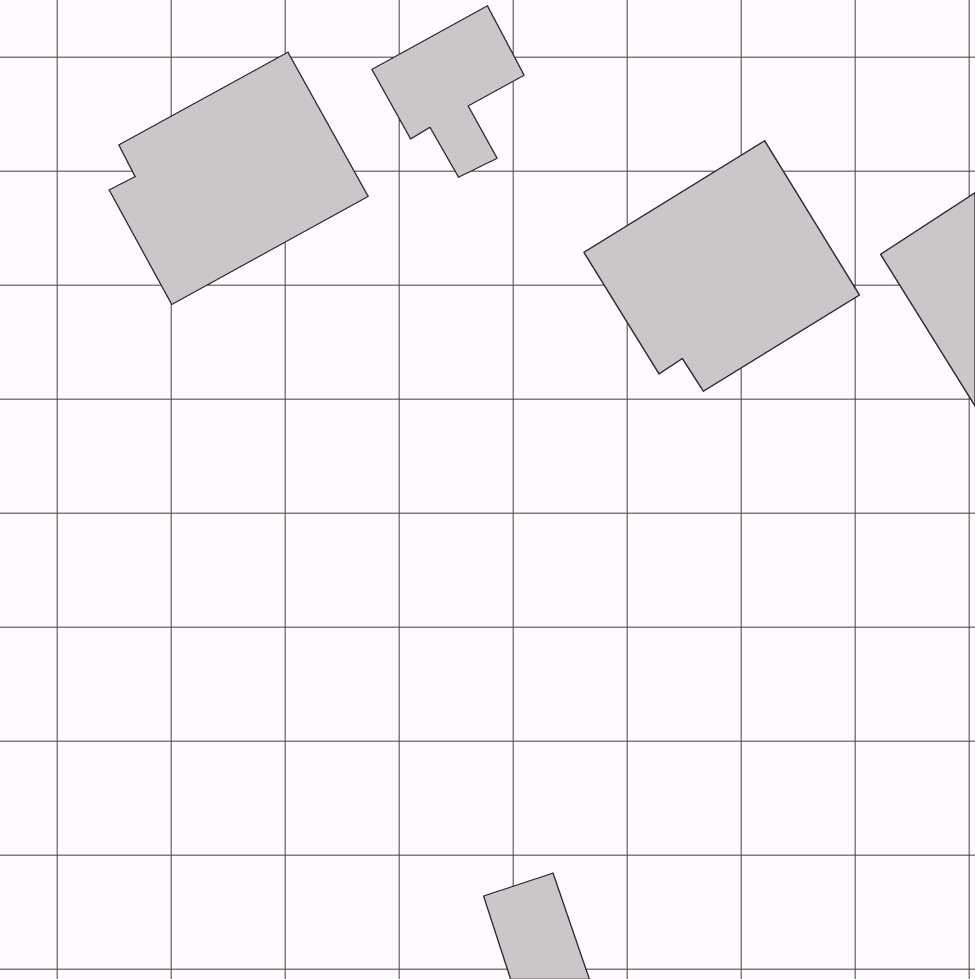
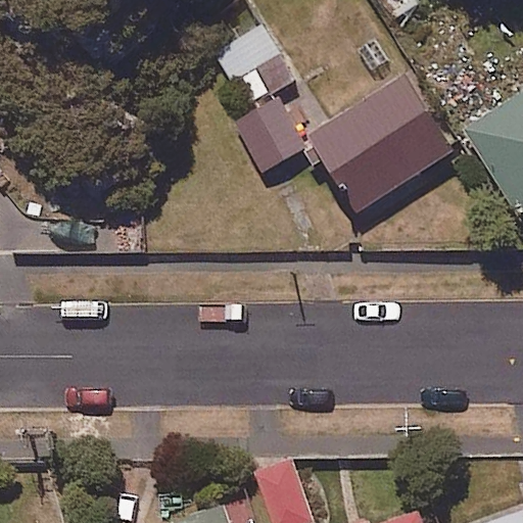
building: [109,52,368,304] -> none
building: none -> [229,90,303,170]

